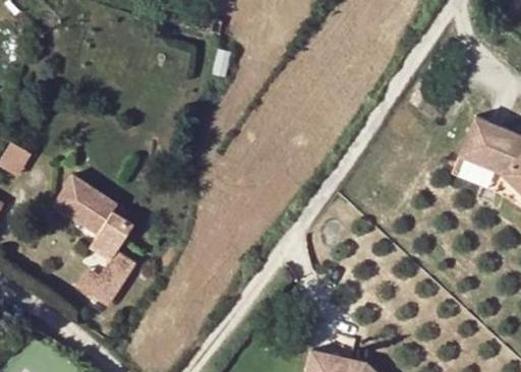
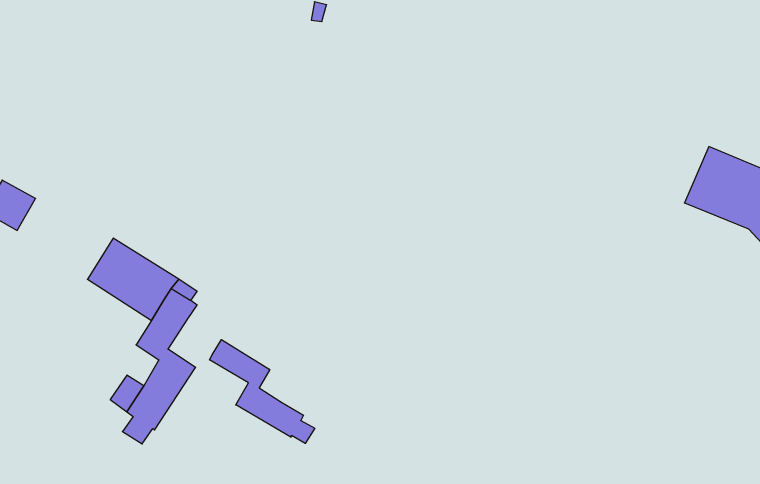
building: none -> [210,340,315,443]

